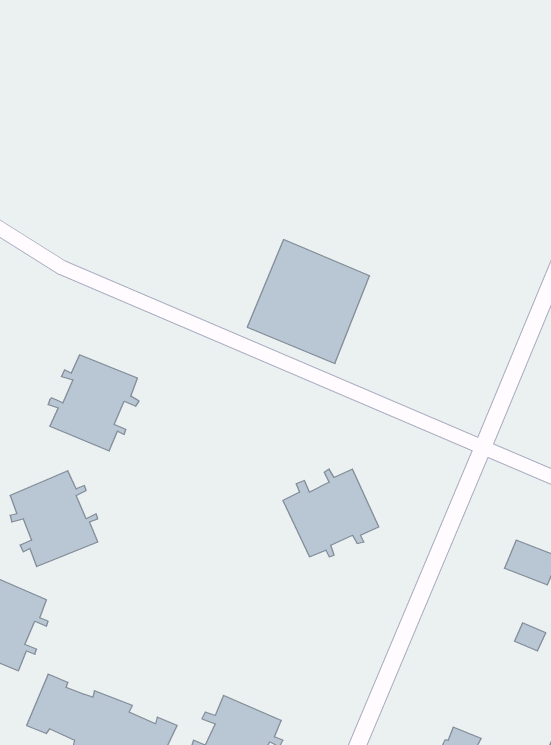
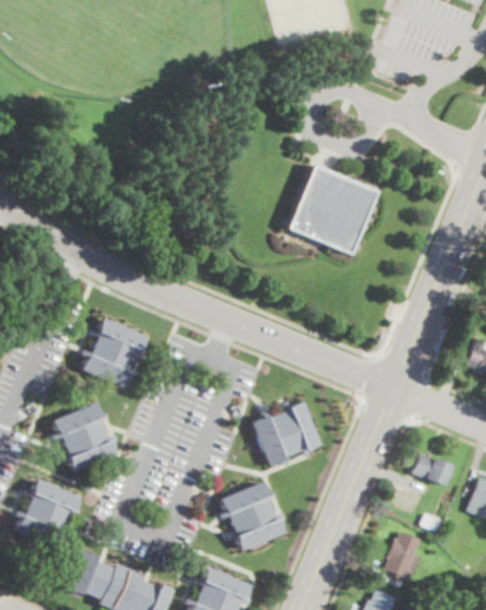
building: [247,240,370,364] -> [287,164,376,255]
building: none -> [221,481,285,551]
building: none -> [386,530,422,579]

